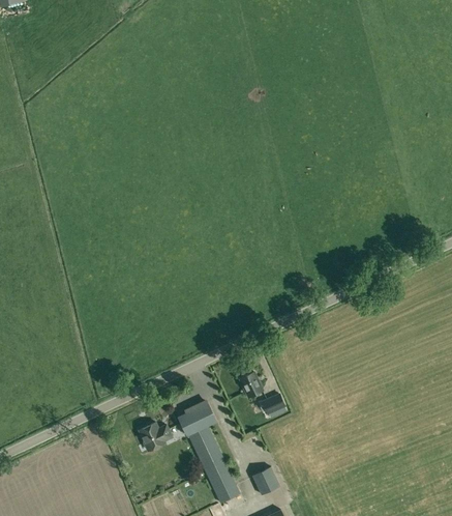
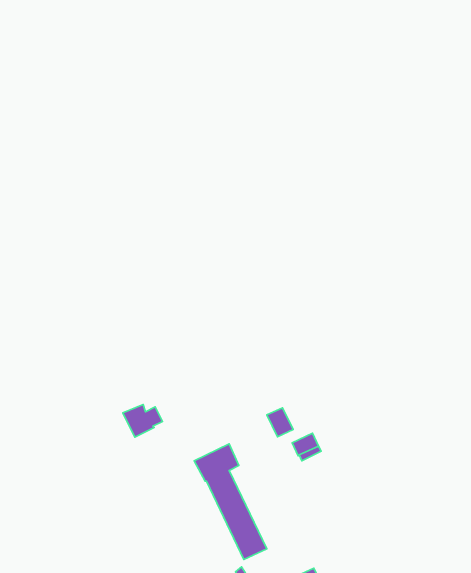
building: [139,423,173,451] -> [123,404,163,437]
building: [251,466,281,495] -> none

